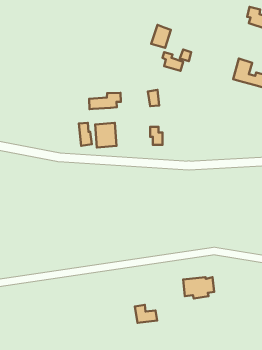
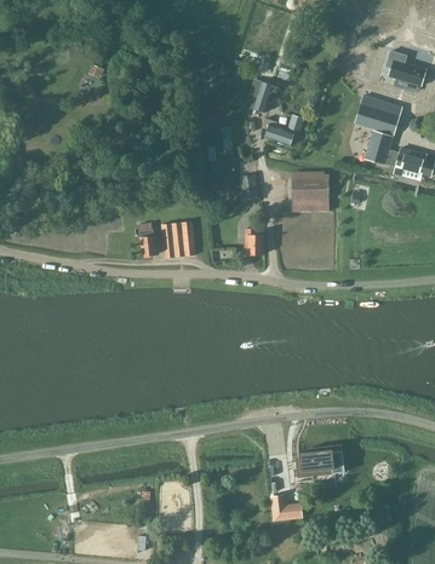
building: none -> [356,94,400,133]
building: none -> [291,171,330,212]
building: [89,93,121,109] -> none
building: [135,305,157,323] -> [270,494,303,520]

